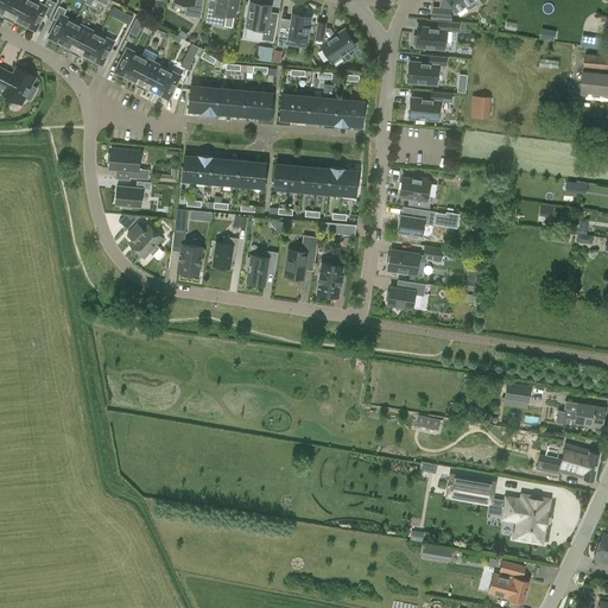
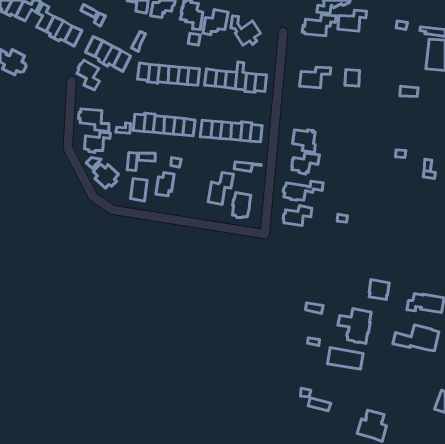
building: [407,56,446,84] -> [338,10,367,31]
building: none -> [77,60,99,90]
building: [246,252,277,286] -> none
building: [502,495,547,543] -> [338,309,371,343]

